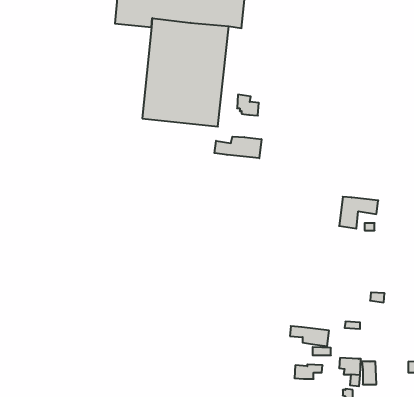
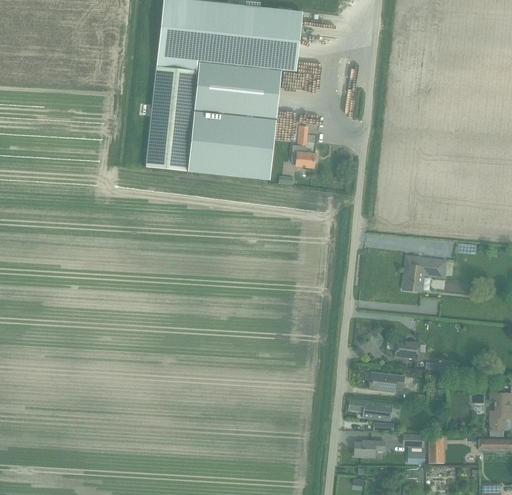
building: none -> [147,66,197,170]
building: [214,137,261,158] -> none
building: none -> [395,339,420,358]
building: none -> [370,372,404,391]

